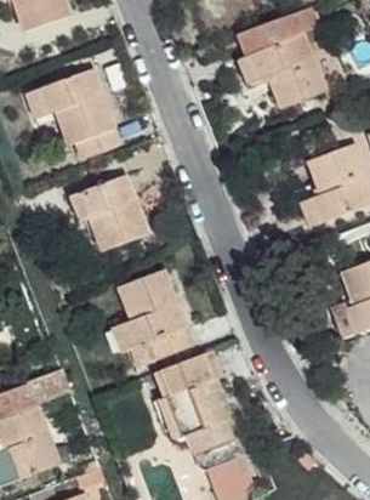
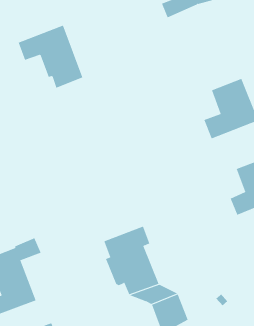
building: [237,38,326,108] -> none
building: [82,174,160,248] -> none
building: [109,268,192,358] -> none

